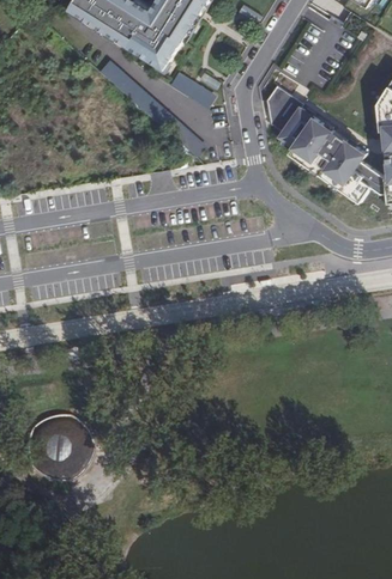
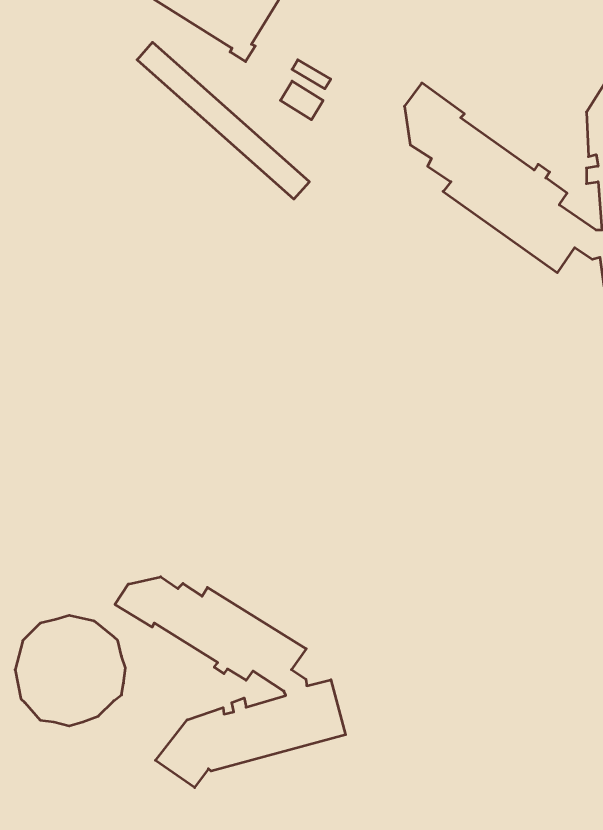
building: none -> [115,577,346,788]

